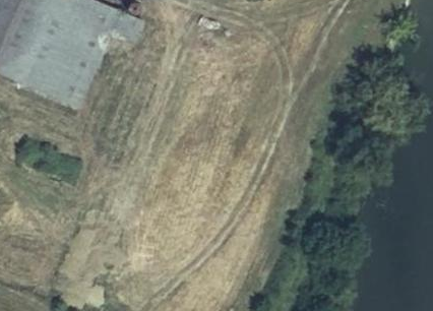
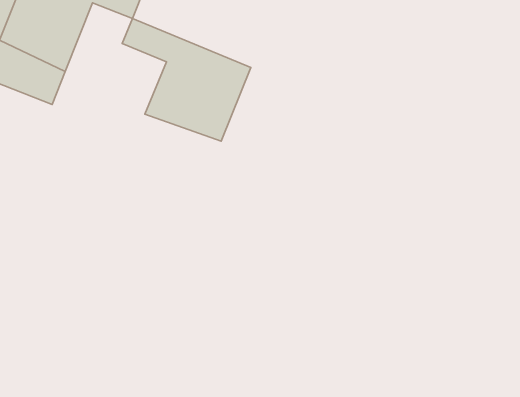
building: none -> [122,19,251,141]

